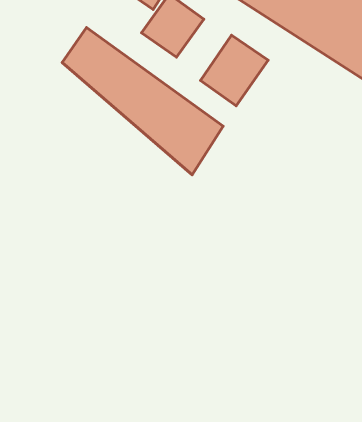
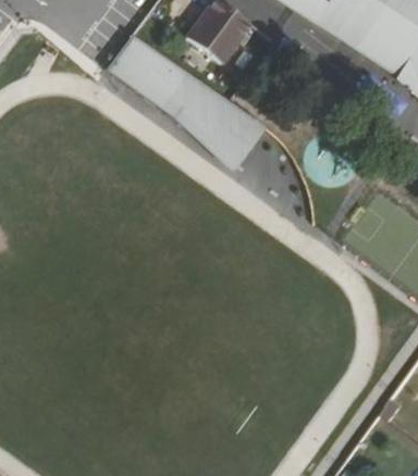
building: [200,35,268,106] -> none

